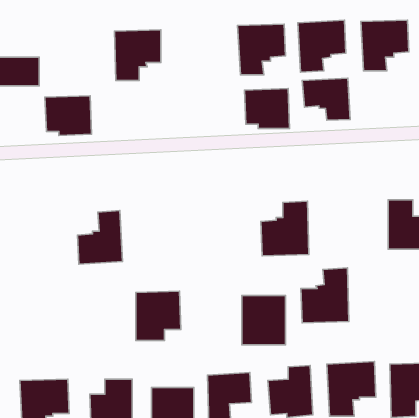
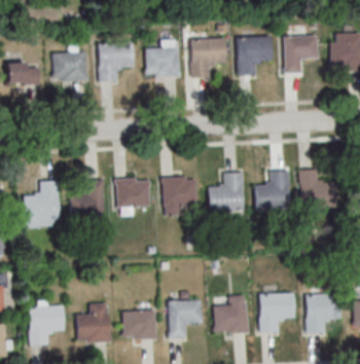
building: [302,78,350,120] -> none
building: [244,89,290,128] -> [144,46,178,76]
building: [45,96,92,136] -> [51,51,86,81]
building: none -> [22,180,58,221]
building: [301,268,349,323] -> [253,170,289,211]
building: [136,291,181,341] -> [118,178,152,215]
building: [242,296,286,345] -> [165,177,197,214]

